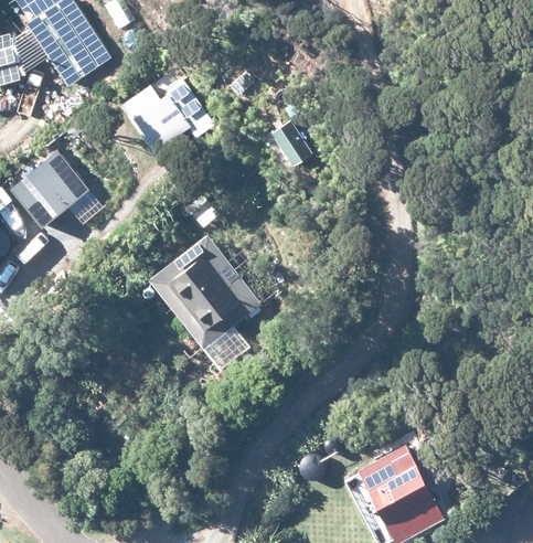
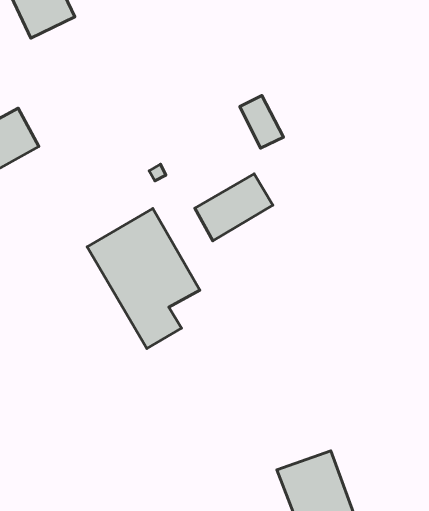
building: [139,75,215,153] -> none
building: none -> [195,174,273,241]

